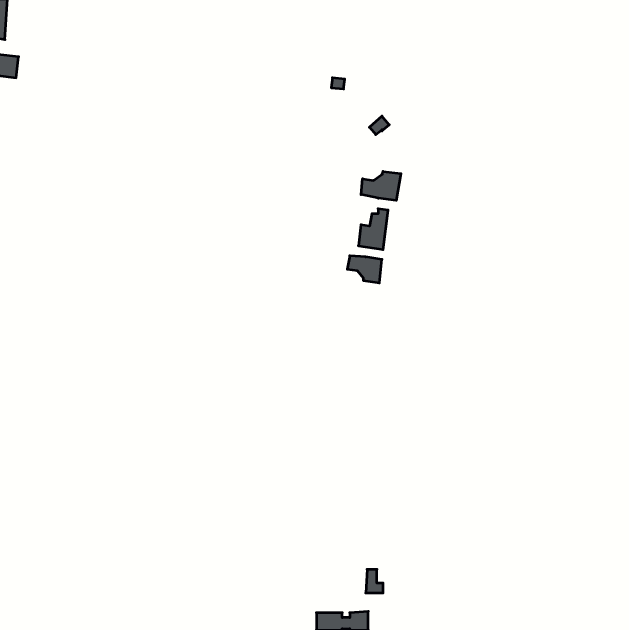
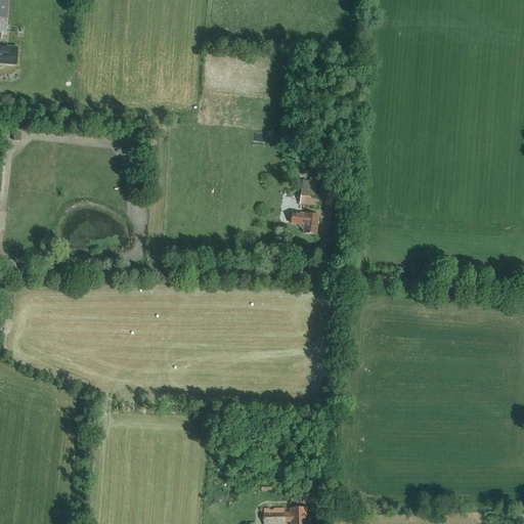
building: [361,171,401,200] -> none

